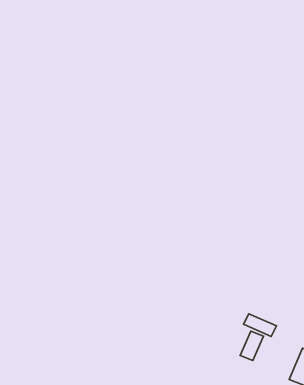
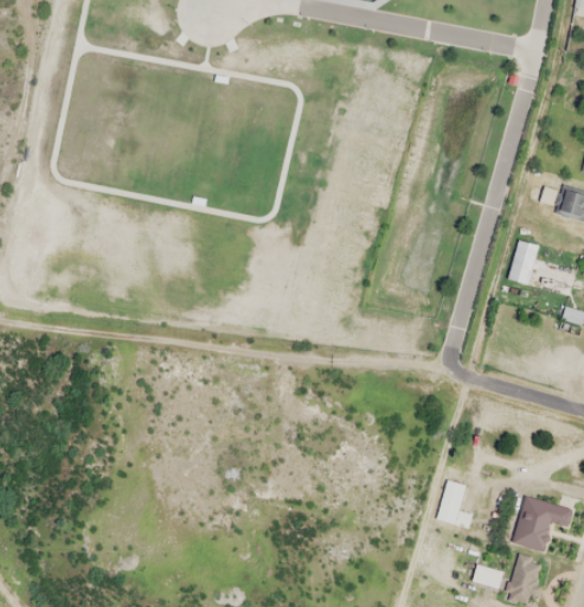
building: [243,314,277,336] -> none

